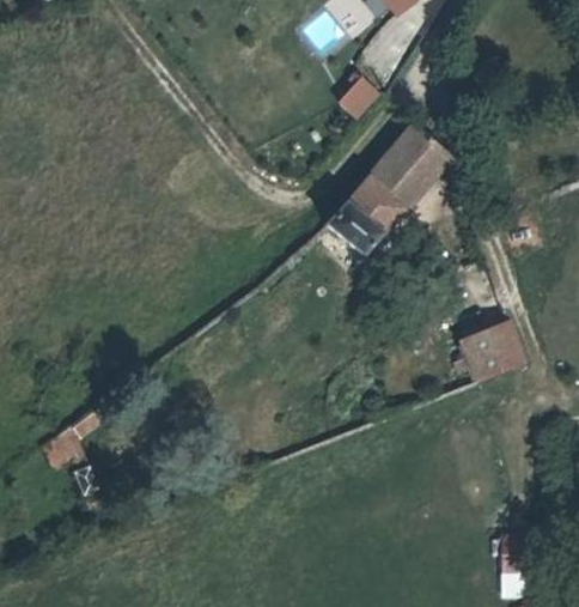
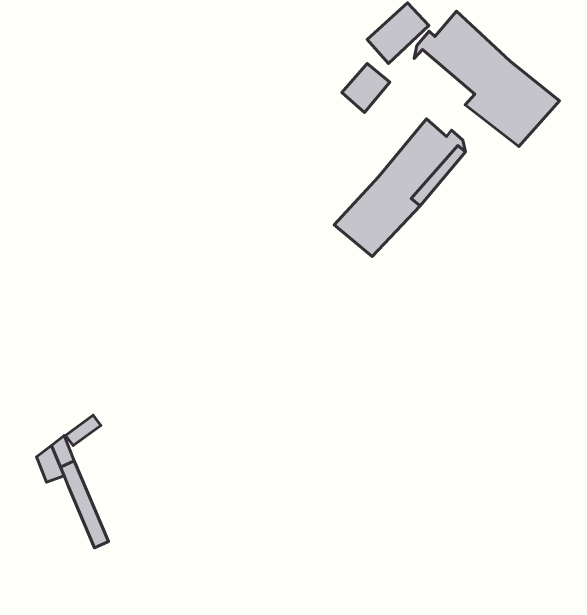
building: none -> [414,11,560,146]
building: [453,321,524,383] -> none

